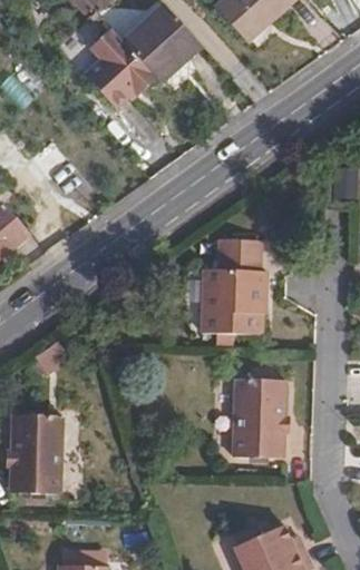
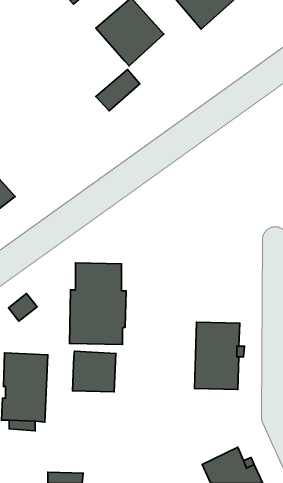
building: [86,29,153,108] -> none
building: [202,238,267,333] -> [70,263,126,344]
building: none -> [73,351,116,392]

